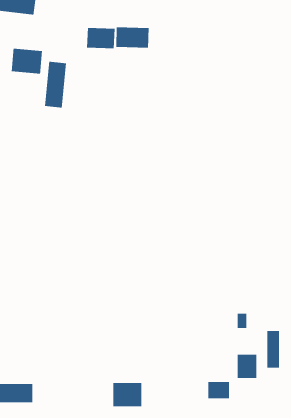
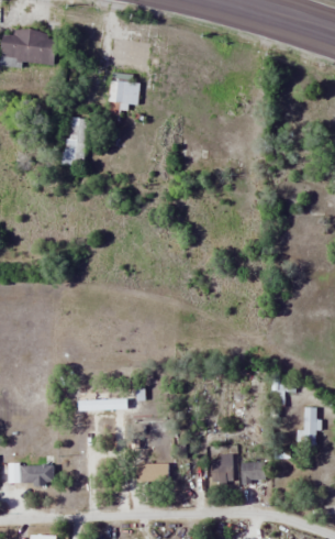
building: [116,26,149,49] -> none
building: [11,48,42,75] -> none
building: [237,354,257,378] -> [210,454,232,481]

